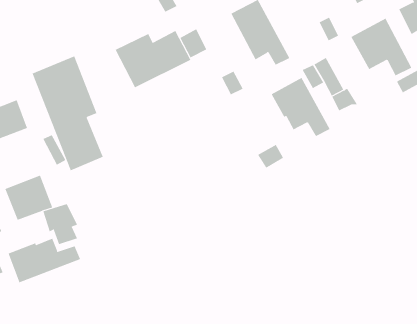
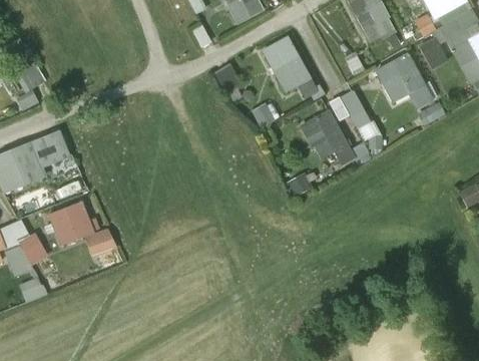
building: [115,30,191,88] -> none
building: [32,55,103,171] -> none
building: [8,238,81,283] -> none

